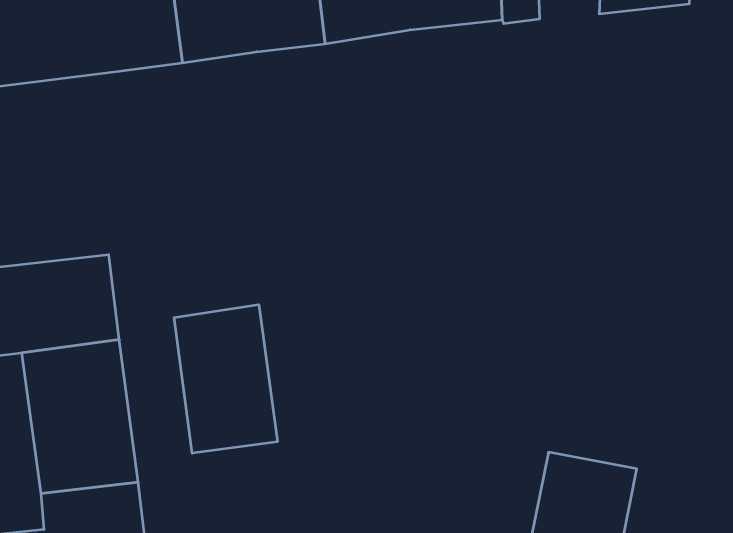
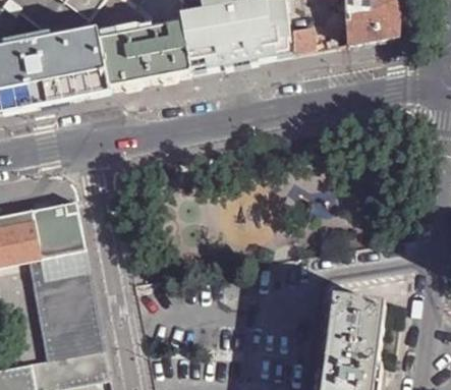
building: [174,305,277,453] -> none

